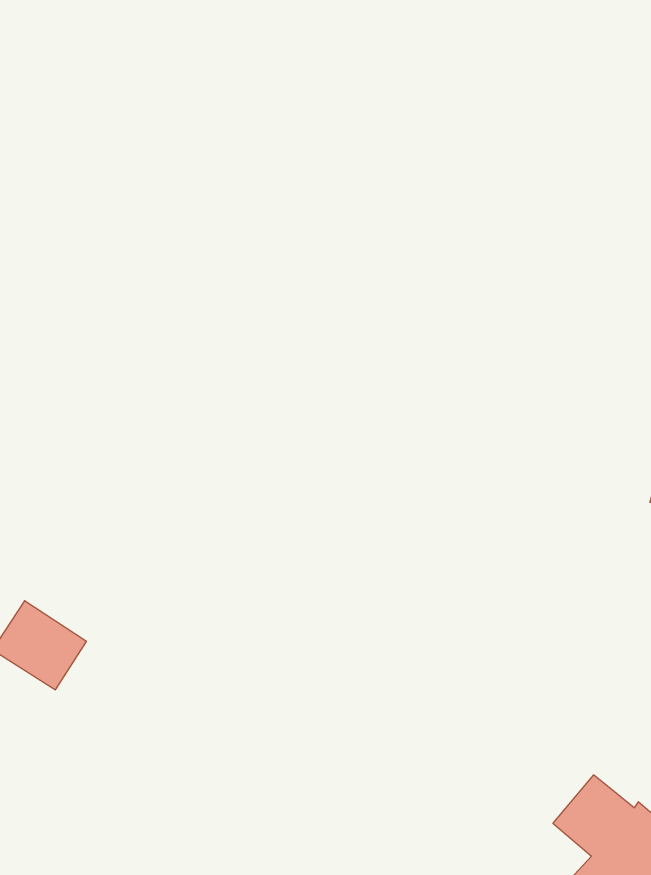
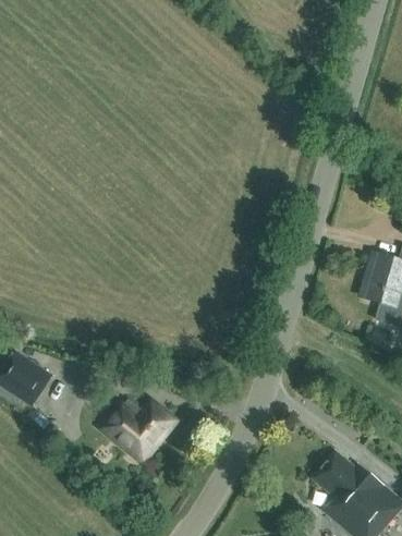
building: none -> [105,399,173,453]

